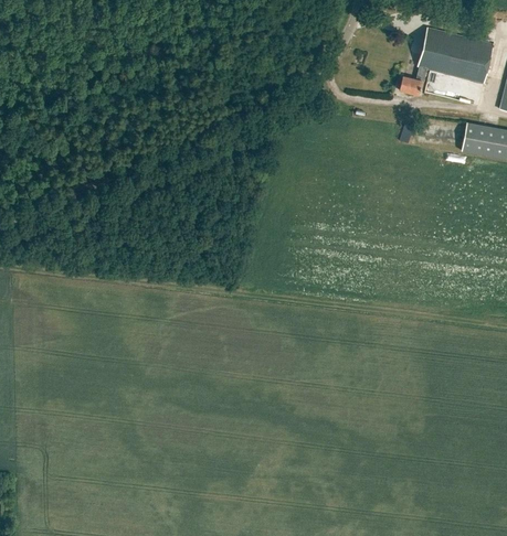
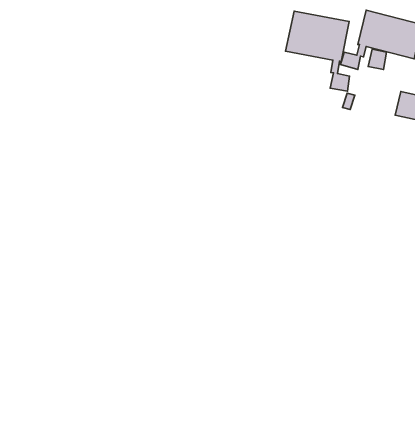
building: none -> [285,11,350,91]

